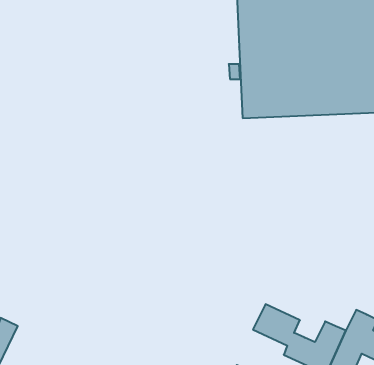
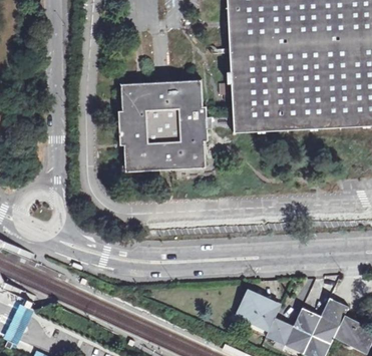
building: none -> [119,79,207,171]

